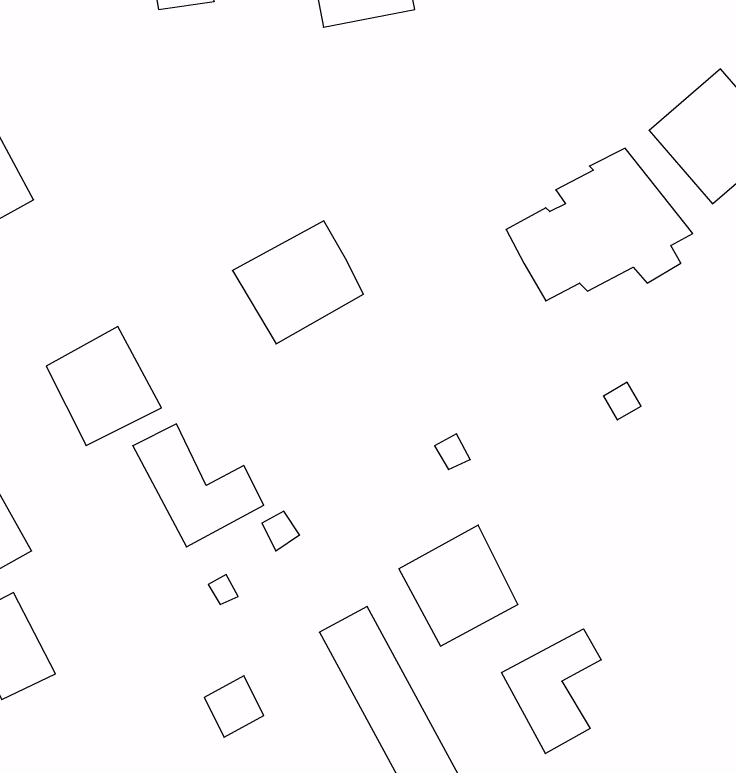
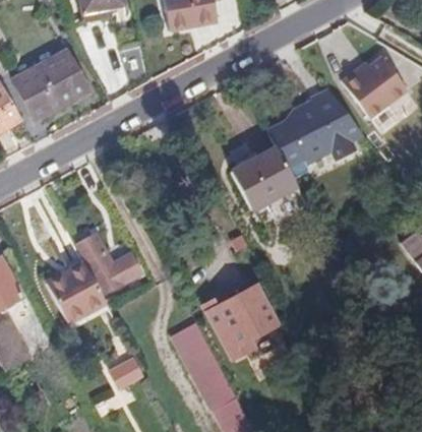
building: none -> [16,46,93,116]
building: [232,221,363,344] -> [228,149,295,212]
building: [46,327,161,446] -> [44,259,103,320]
building: [502,629,601,754] -> none

